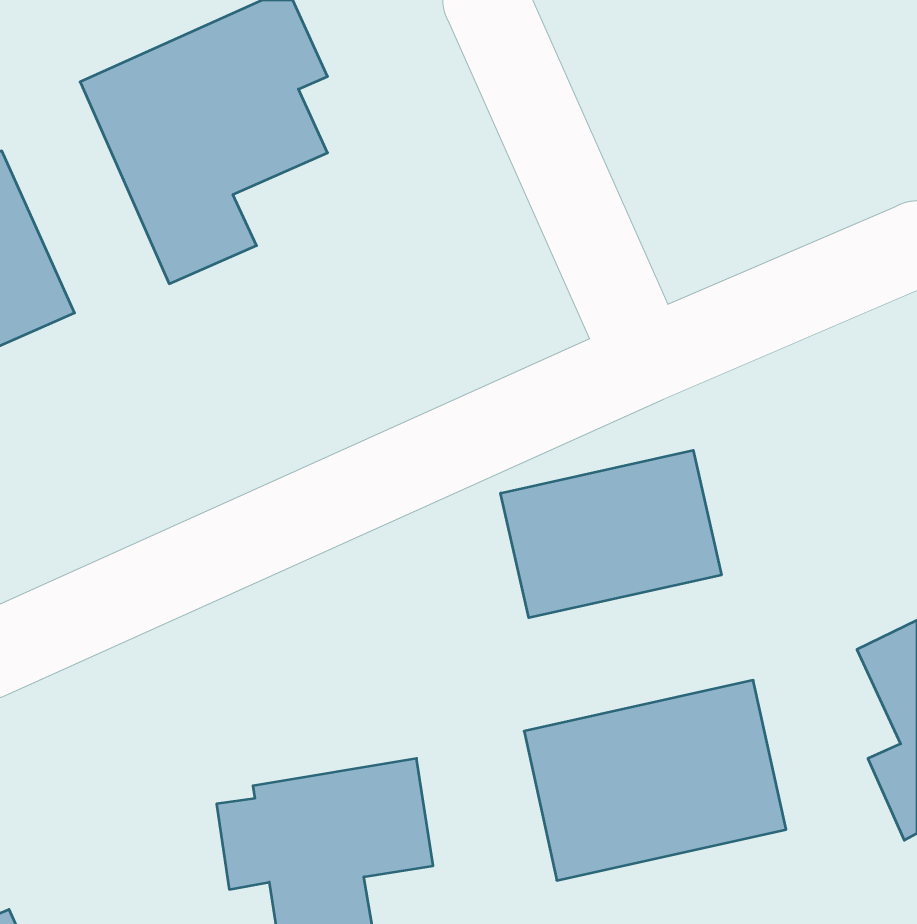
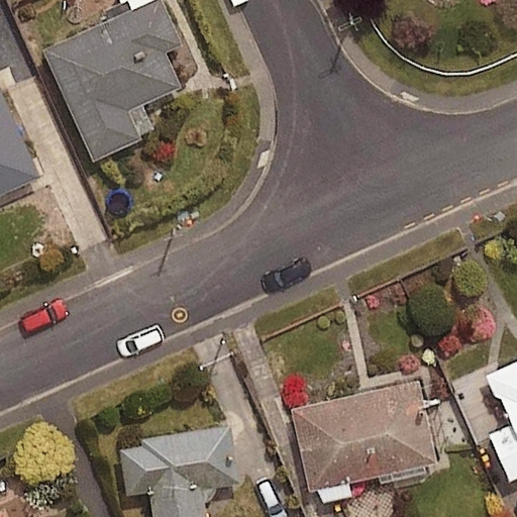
building: [501,450,721,618] -> none

